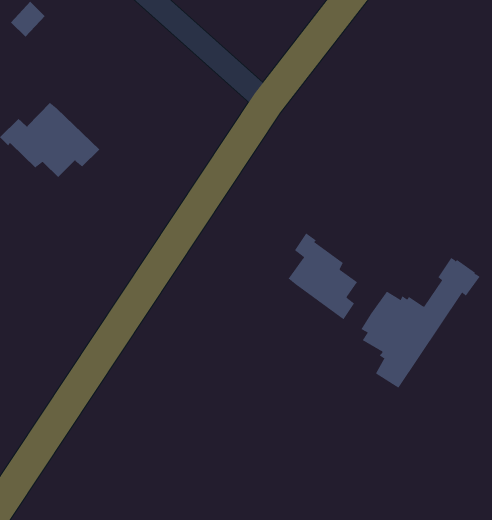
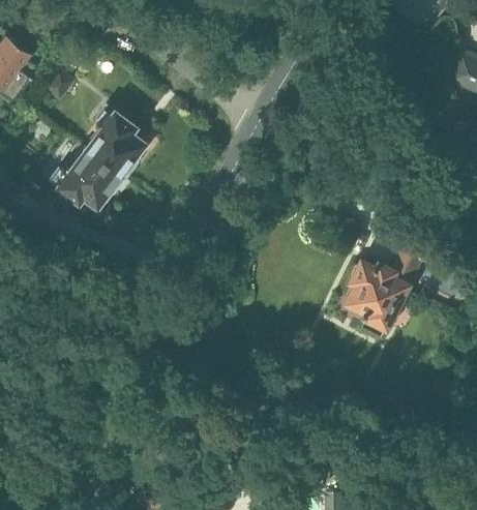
building: none -> [85,109,143,181]
building: [288,232,358,320] -> none

